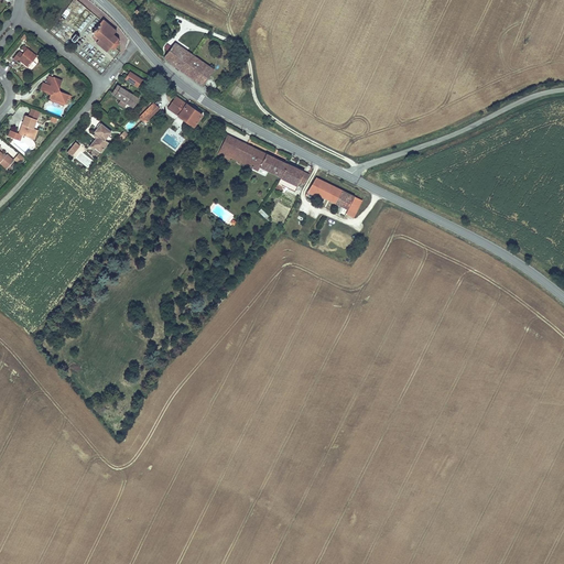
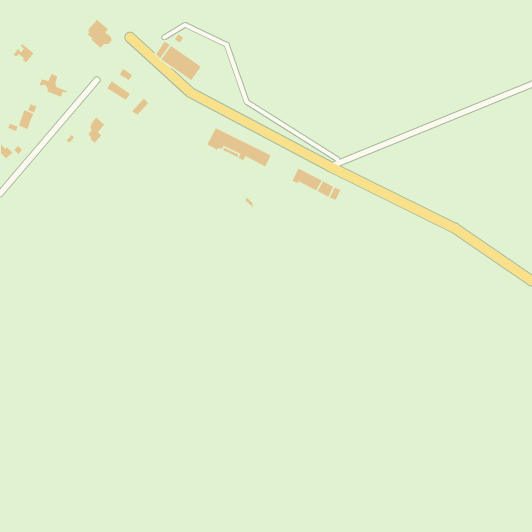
building: [167,96,202,127] -> none
building: [278,164,308,192] -> none

